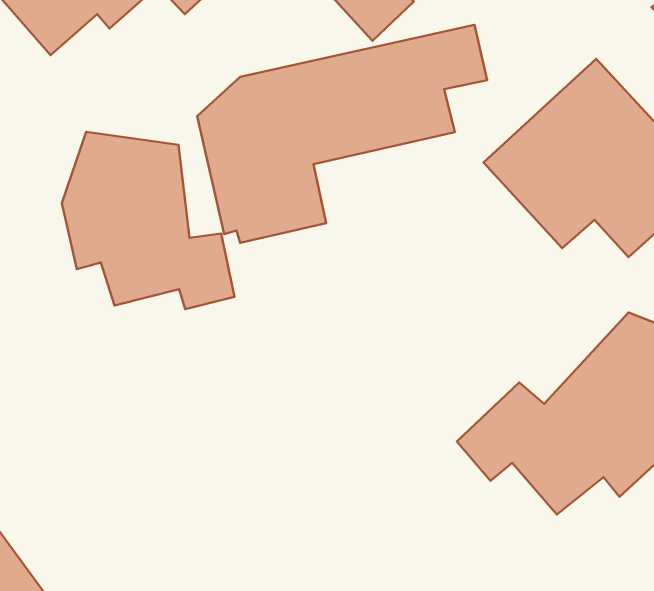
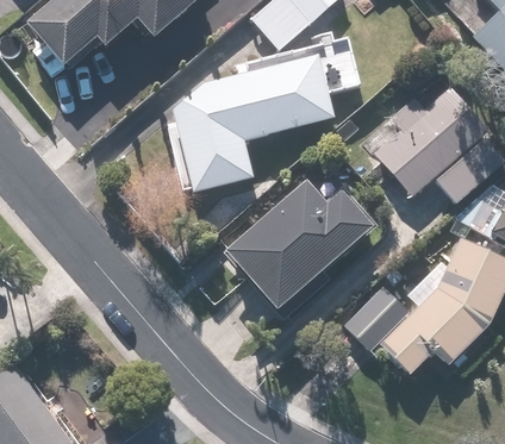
building: [62,132,235,309] -> none
building: none -> [220,171,379,315]

